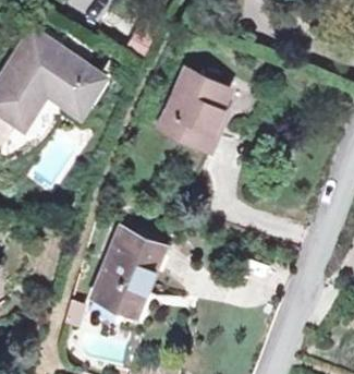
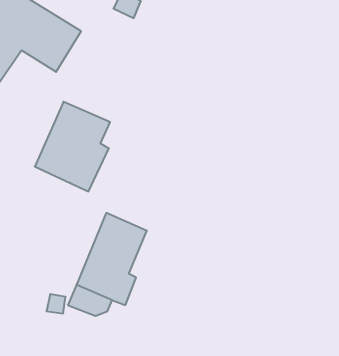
building: [155,68,223,149] -> [35,102,110,191]

